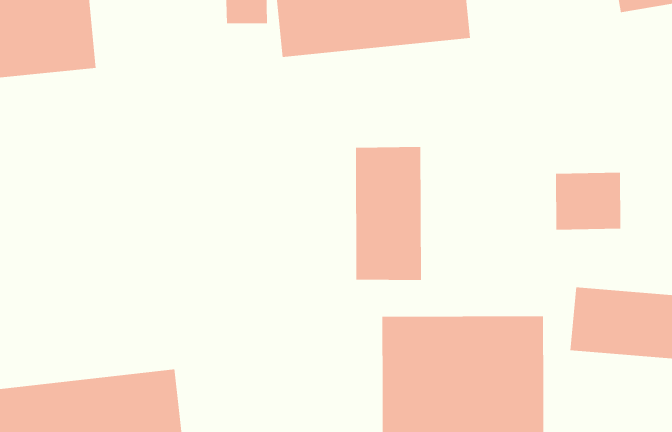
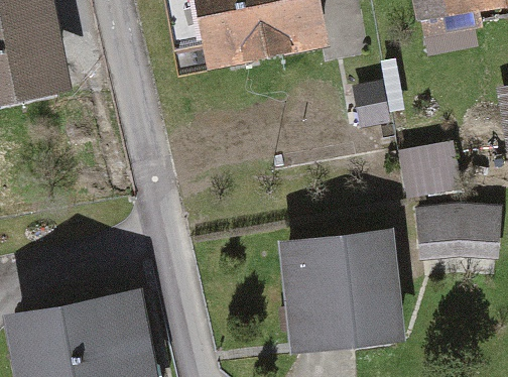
building: [355,146,421,281] -> none

